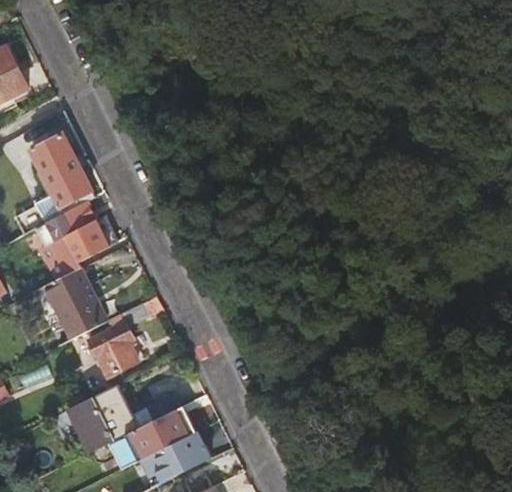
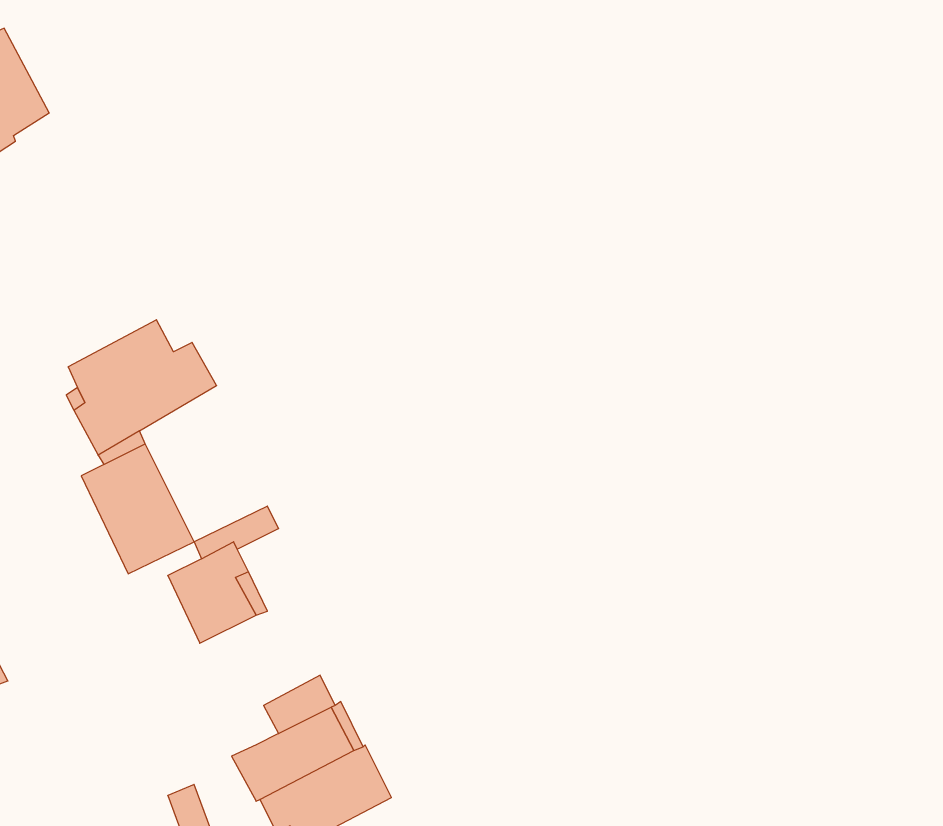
building: [12,134,94,237] -> none
building: [66,387,137,454] -> none

